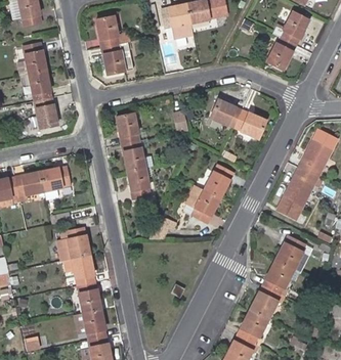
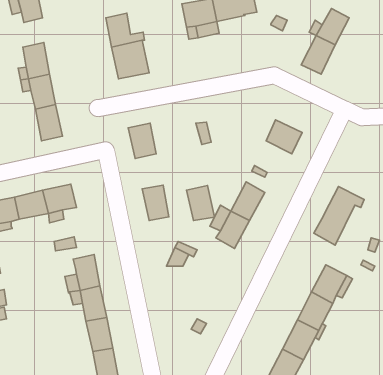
building: [211,97,244,128] -> none
building: [121,139,145,170] -> [186,185,215,221]
building: [299,139,332,177] -> none

